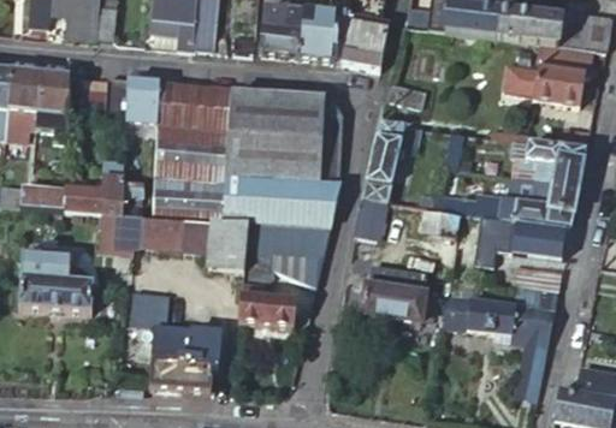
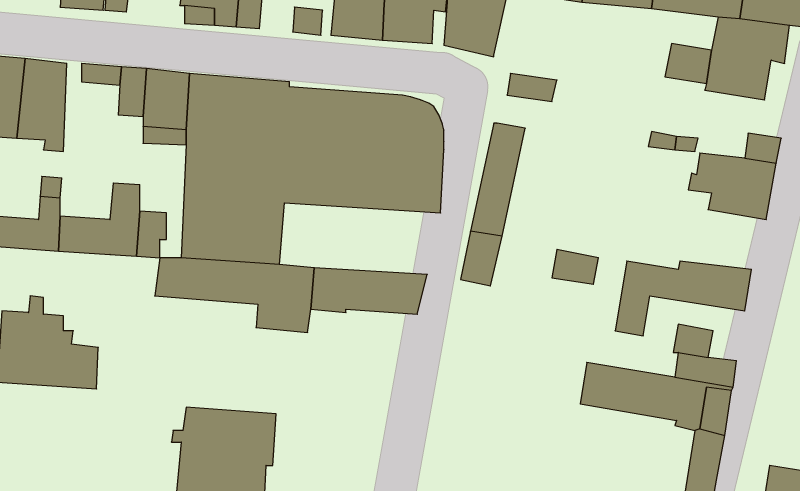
building: [442,173,578,226] -> none
building: [225,177,342,228] -> none
building: [100,214,138,254] -> none
building: [241,254,325,327] -> none
building: [362,266,427,321] -> none
building: [129,290,164,338] -> none

